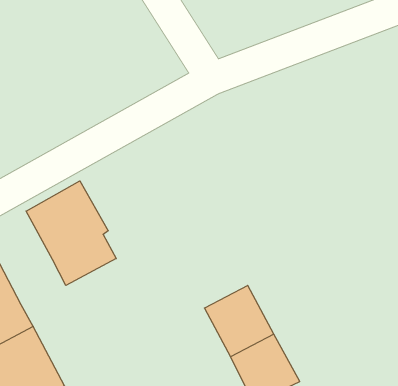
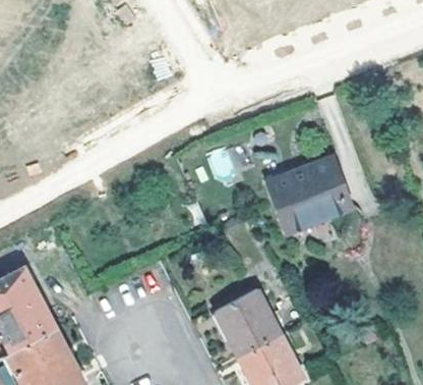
building: none -> [270,159,350,229]
building: [26,181,116,285] -> none

